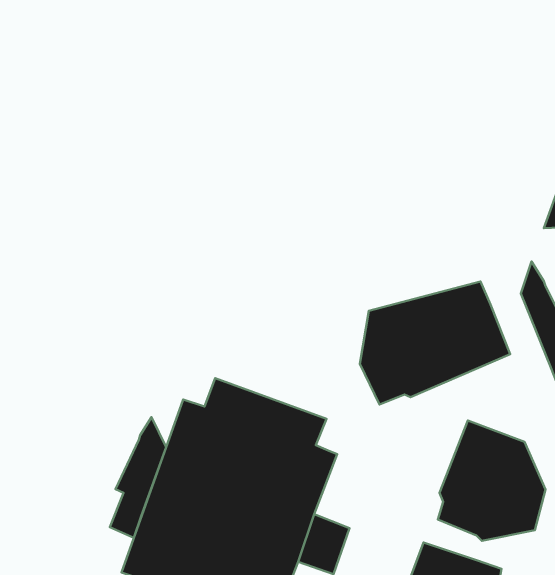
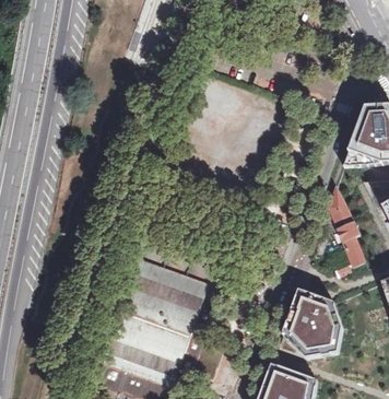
building: [360,282,510,405] -> none
building: [110,417,166,538] -> none

